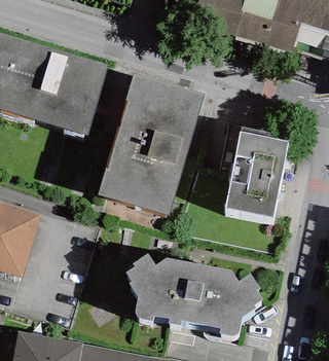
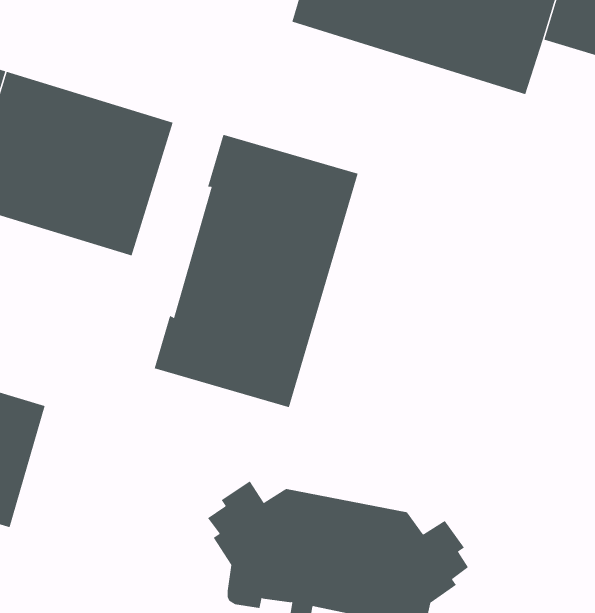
building: [224,128,288,218] -> none

